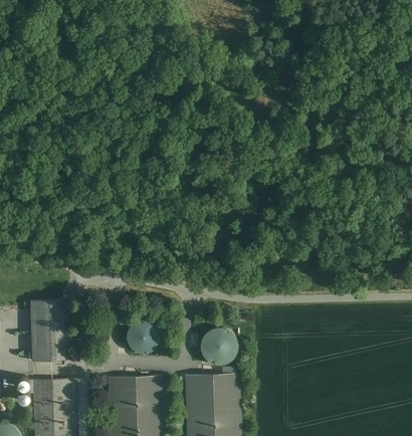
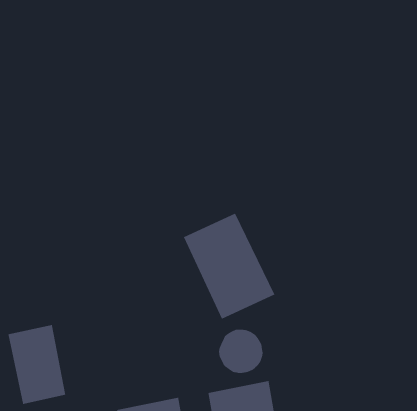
building: none -> [183,213,276,320]
building: [126,320,160,354] -> none

